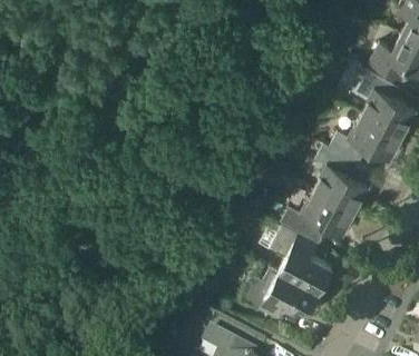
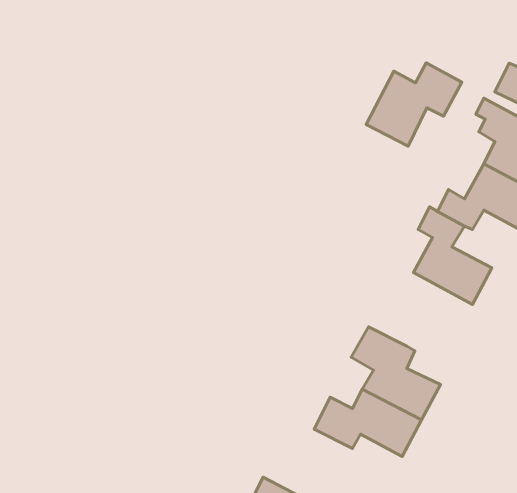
building: none -> [366,63,462,146]
building: [280,190,353,241] -> none

